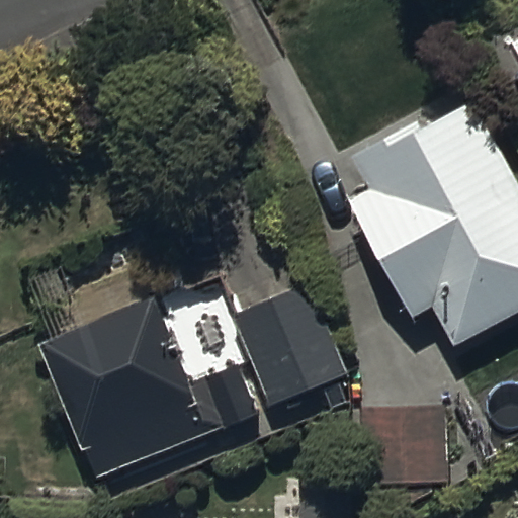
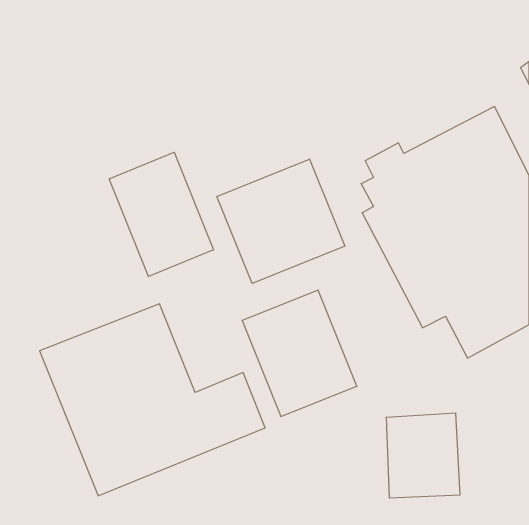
building: none -> [109,152,214,277]
building: none -> [217,159,345,283]

